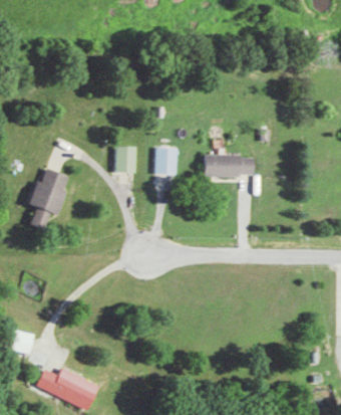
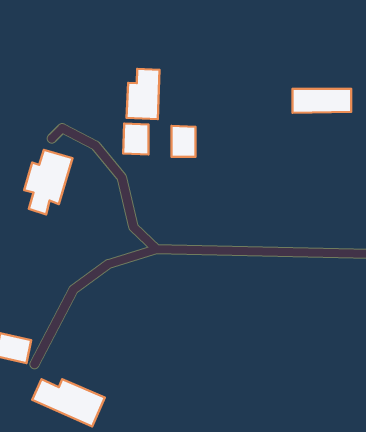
building: none -> [127,69,160,119]
building: [204,156,255,177] -> [293,89,351,113]

